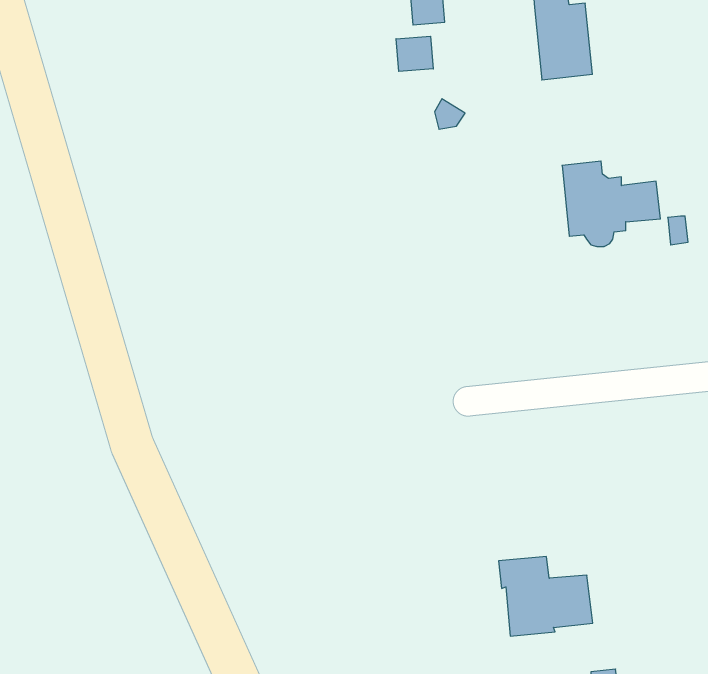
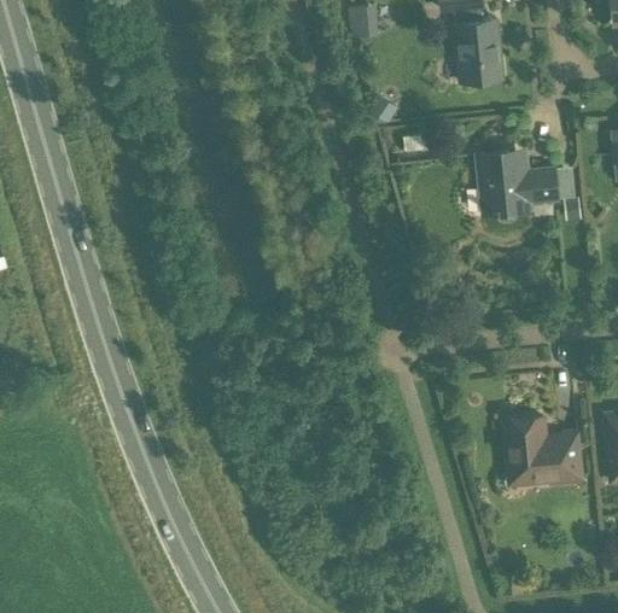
building: [396,36,433,71] -> none
building: [499,557,593,636] -> [503,418,582,484]

